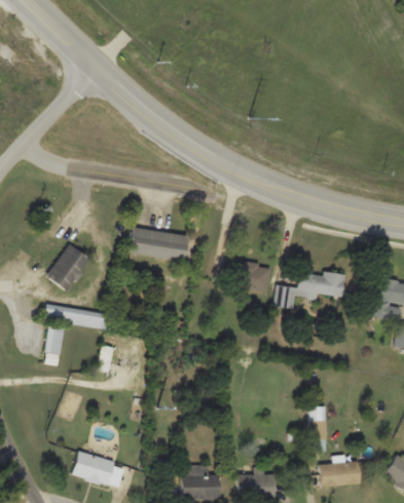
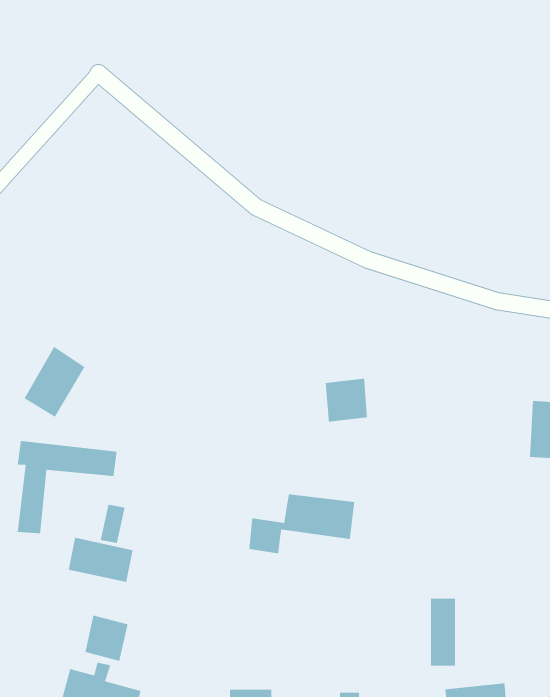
building: [127,227,188,261] -> none
building: [276,270,344,309] -> [248,494,355,554]
building: none -> [68,537,133,583]
building: none -> [84,614,128,662]

